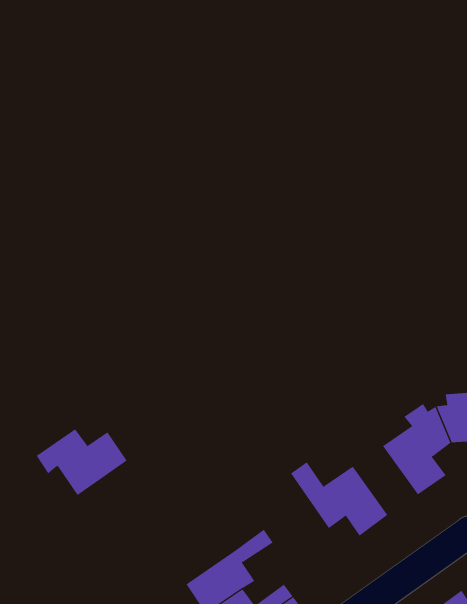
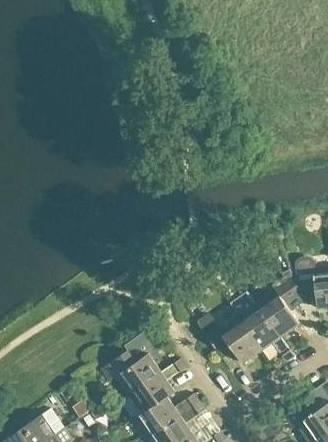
building: [36,428,128,496] -> [103,352,163,396]
building: none -> [240,305,296,363]

